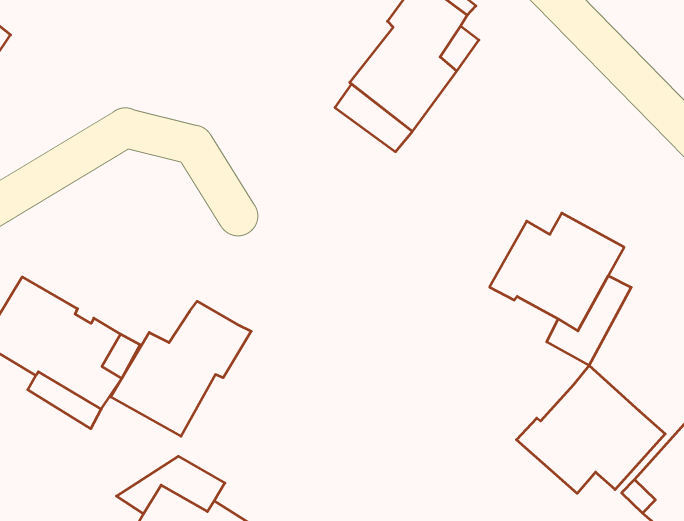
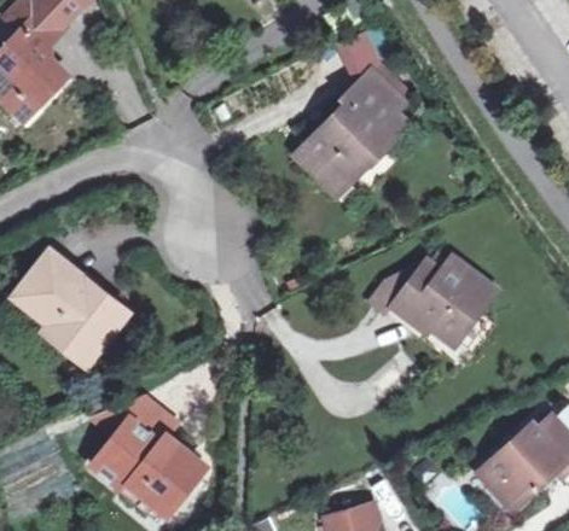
building: [111,301,251,436] -> none
building: [516,366,665,493] -> none

